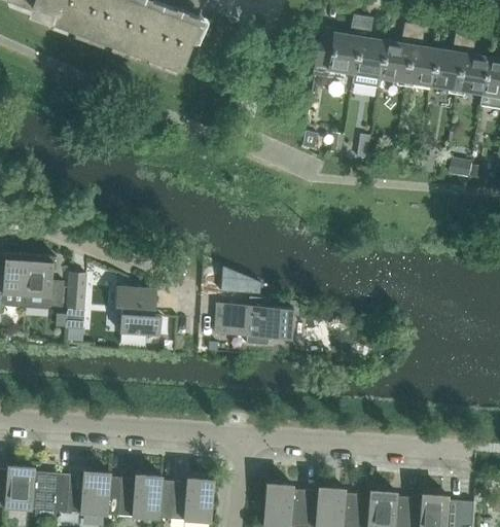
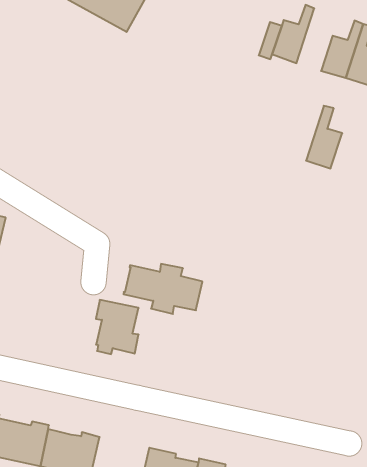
building: [354,17,386,79] -> [306,106,342,168]
building: [220,267,260,294] -> none
building: [115,287,160,340] -> [96,300,139,354]

